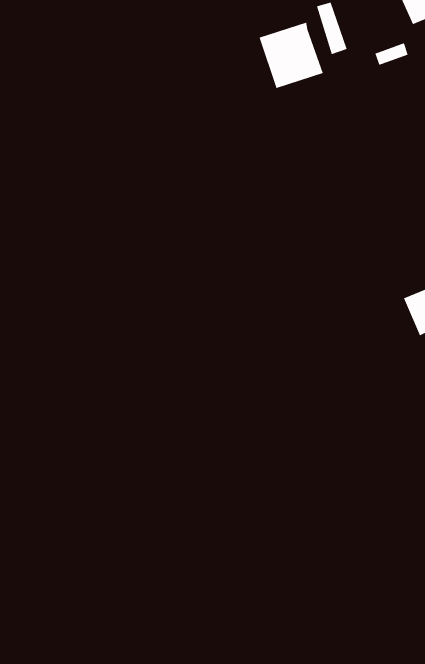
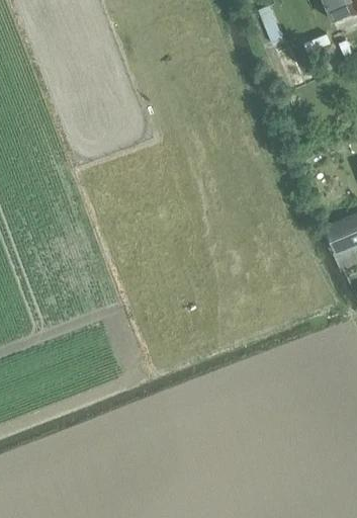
building: [259,22,324,89] -> none

